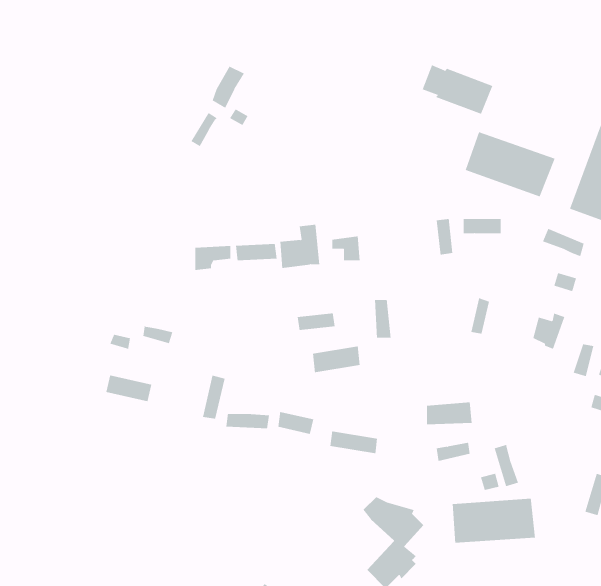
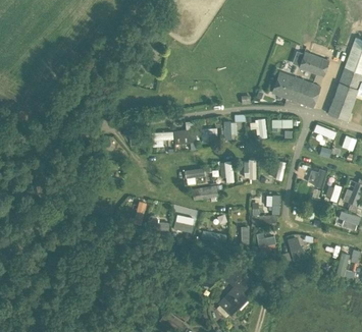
building: [422,64,493,115] -> [292,50,329,76]
building: [452,498,535,543] -> none

